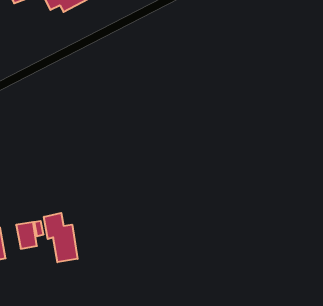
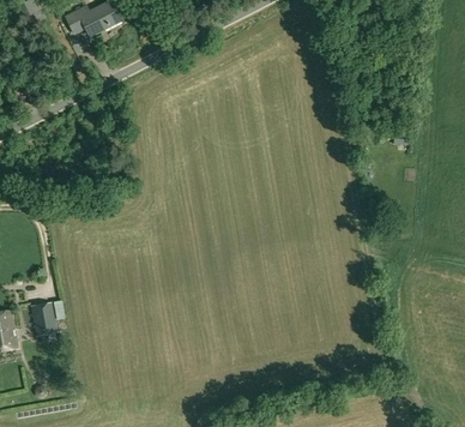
building: [44,213,78,262] -> none

